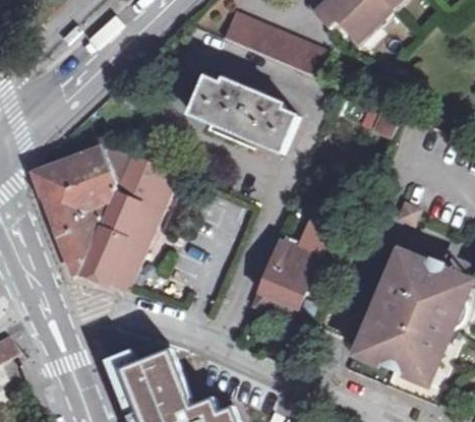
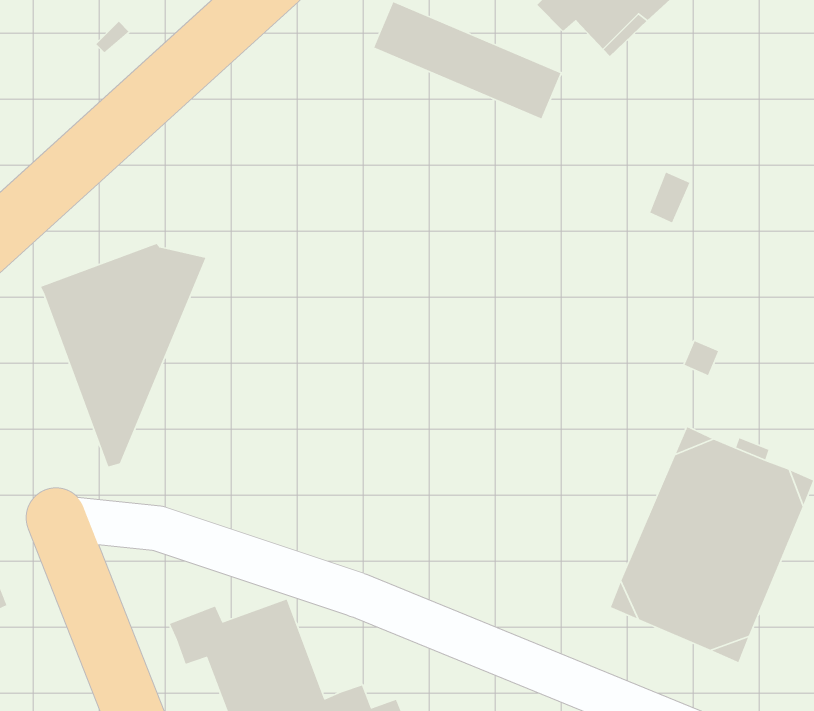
building: [189,75,298,154] -> none
building: [77,152,176,290] -> none
building: [253,240,317,320] -> none

